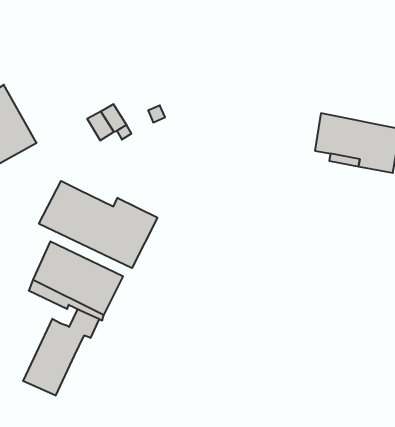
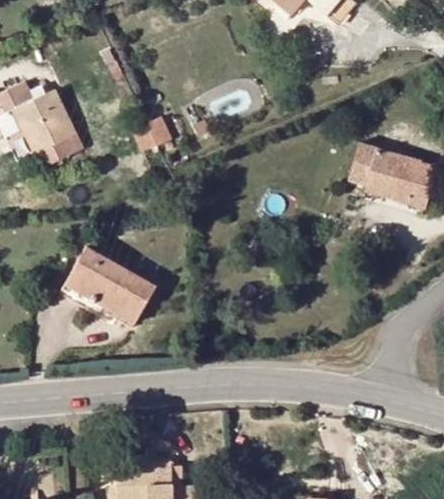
building: [39,181,157,268] -> none
building: [23,309,99,396] -> none

